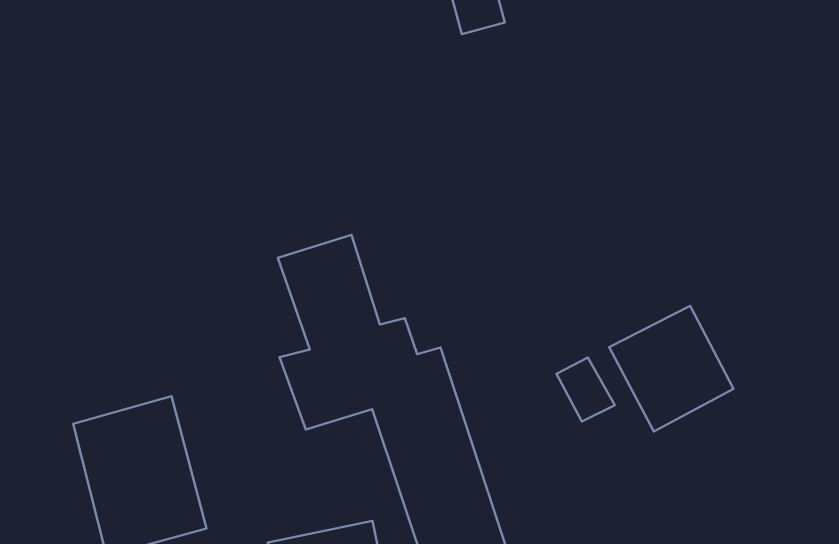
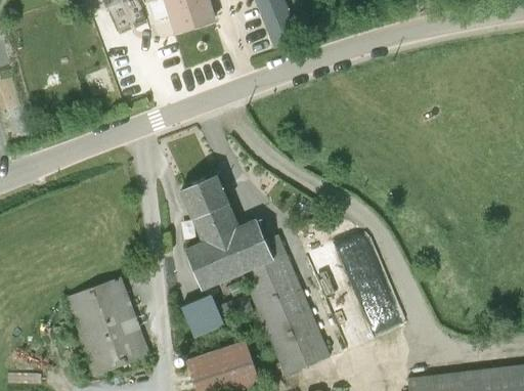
building: [609,306,734,431] -> none
building: none -> [180,293,224,339]

